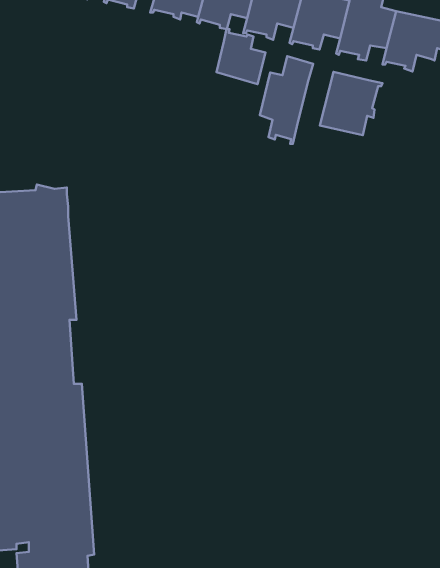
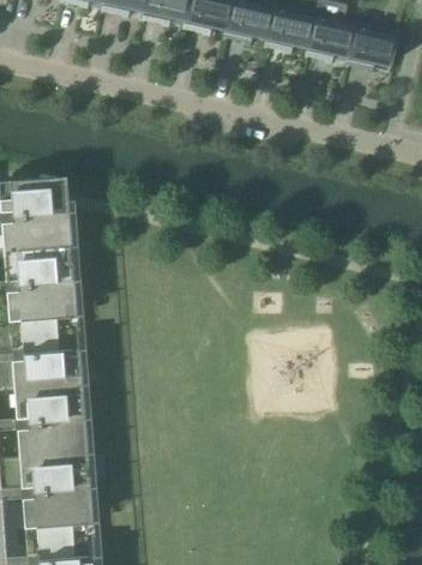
building: [216,29,266,84] -> none
building: [260,56,313,144] -> none
building: [320,72,382,135] -> none

